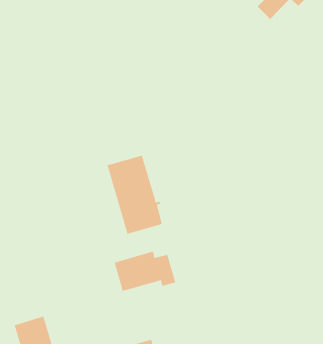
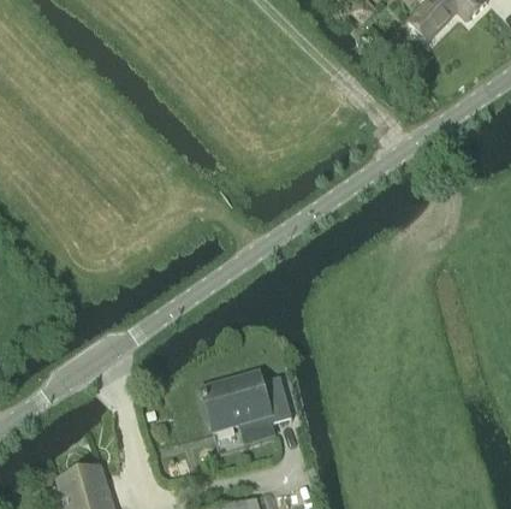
building: [107,155,162,235] -> none

